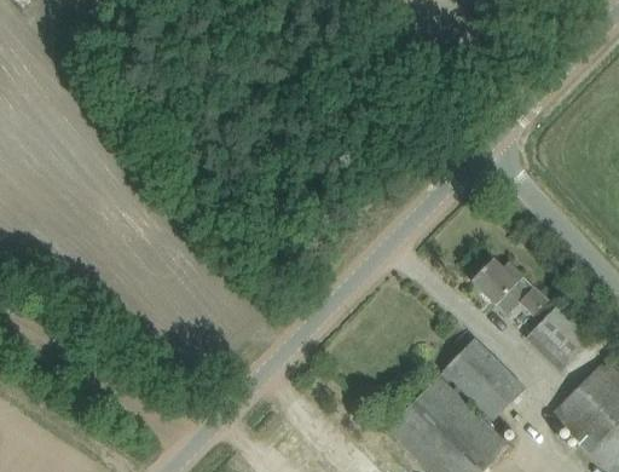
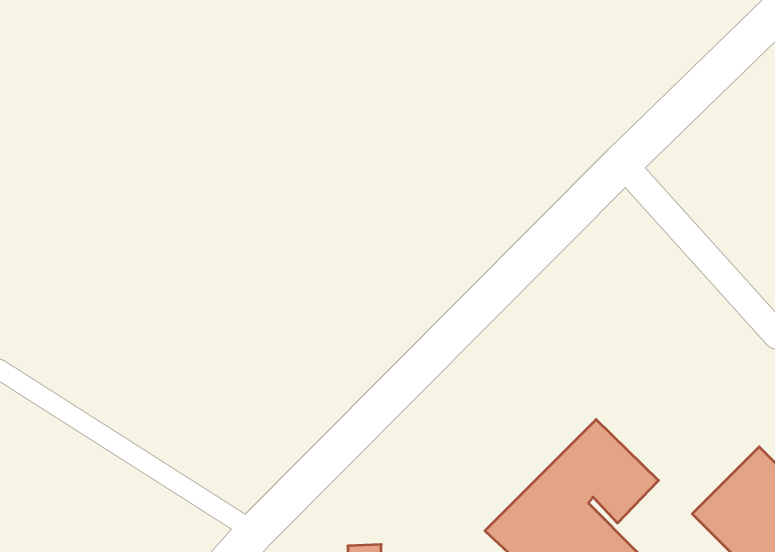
building: [472,260,548,316] -> none
building: [528,307,591,370] -> none

